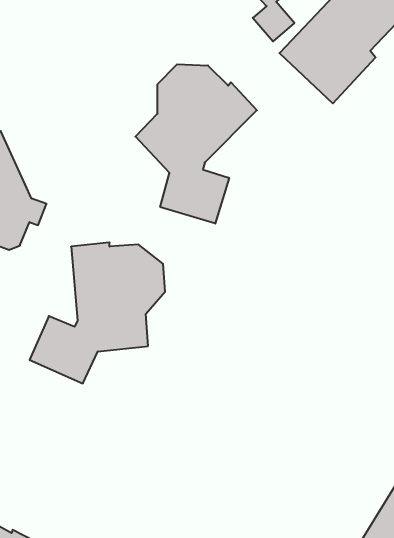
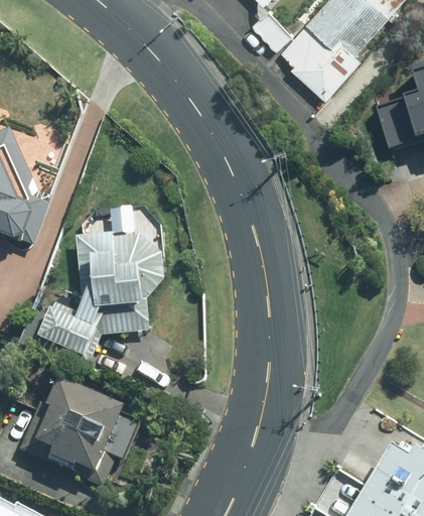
building: [135,64,257,224] -> none
building: none -> [19,377,127,487]

